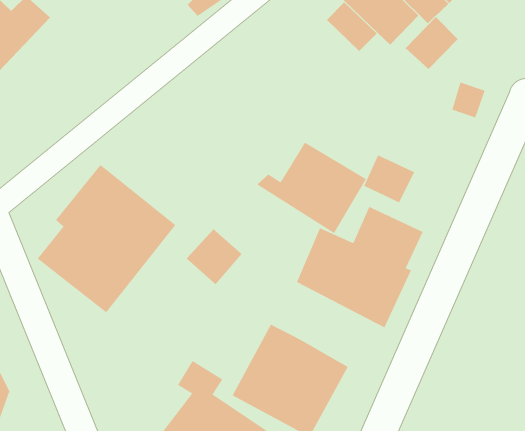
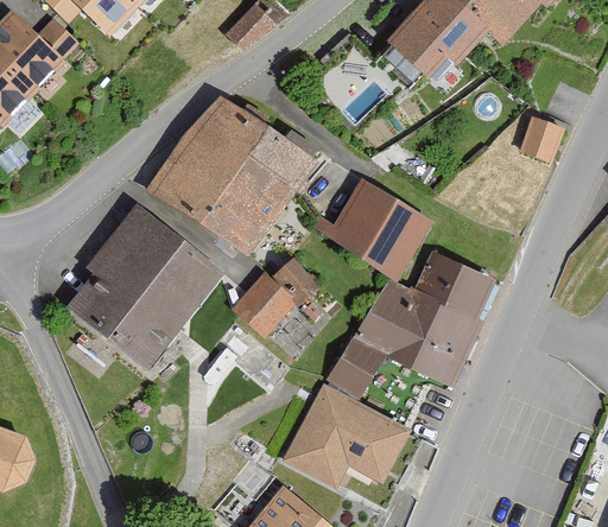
building: [405,16,458,70] -> none
building: none -> [144,95,318,258]
building: [364,154,415,203] -> none
building: none -> [270,255,317,304]
building: none -> [324,335,384,399]

